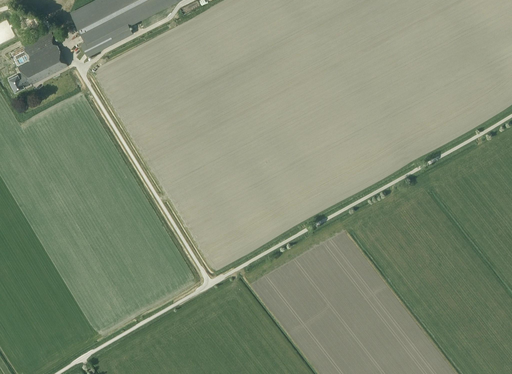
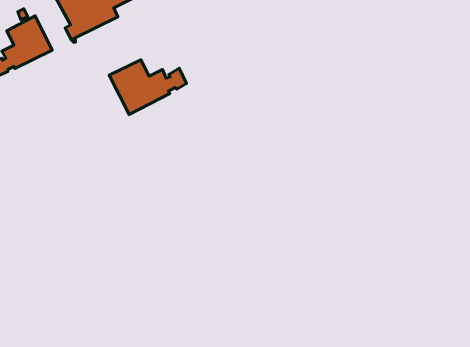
building: none -> [109,60,186,115]

